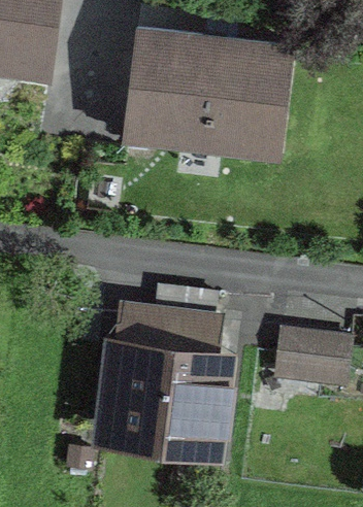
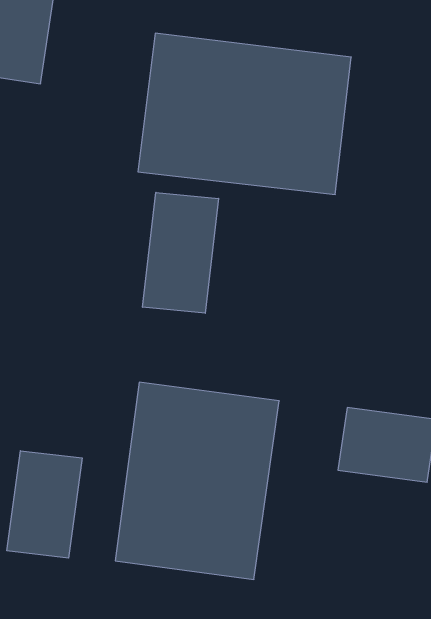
building: none -> [143,192,219,313]
building: none -> [7,451,82,558]

